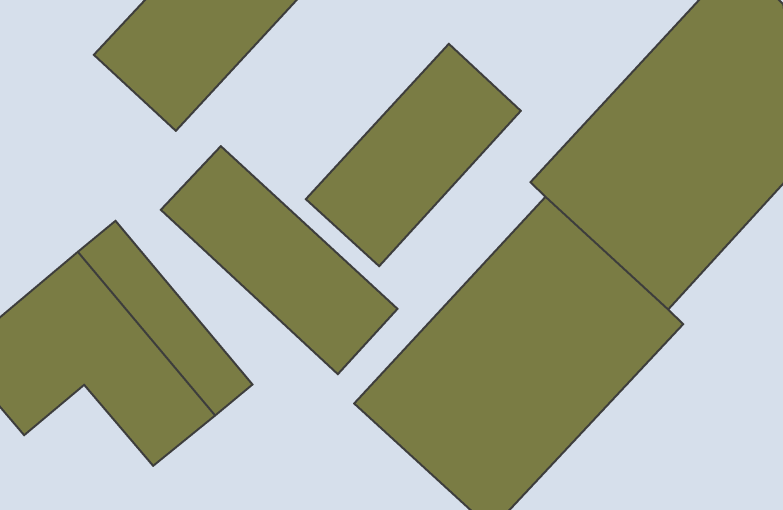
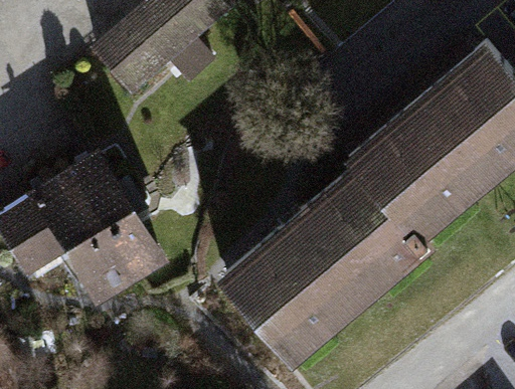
building: [306,44,521,266] -> none
building: [161,146,398,374] -> none

